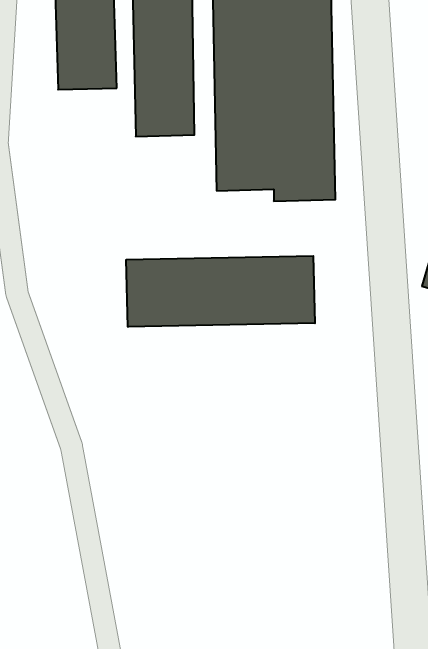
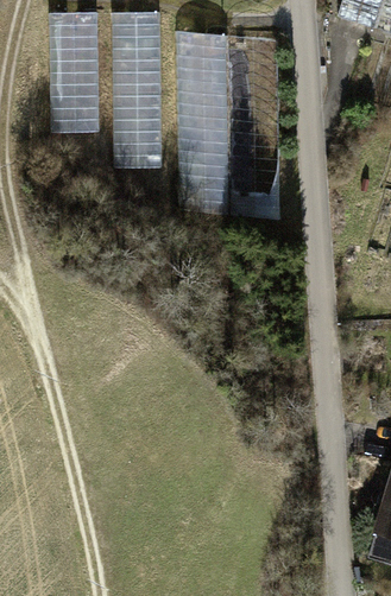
building: [126,256,315,327] -> none

